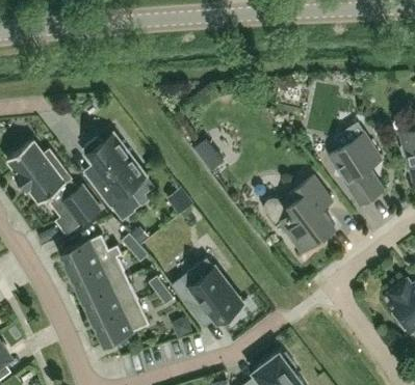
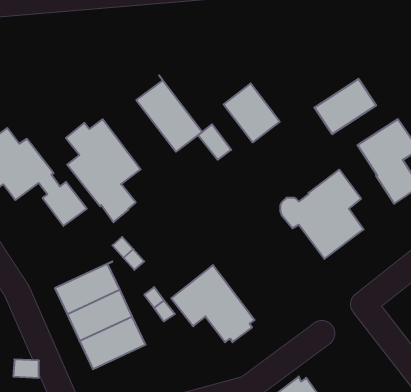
building: none -> [136,75,202,152]
building: none -> [314,79,376,134]
building: none -> [224,83,280,142]
building: [61,235,122,277] -> none

